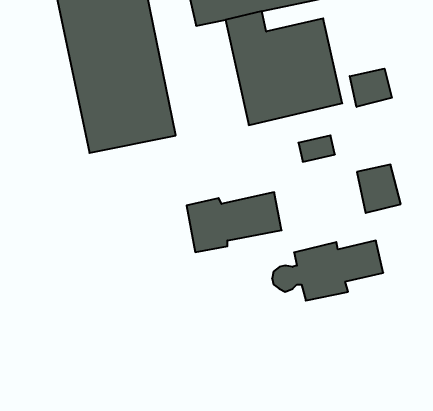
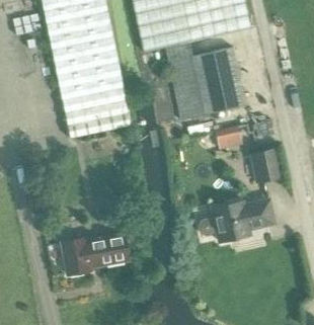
building: [350,69,392,107] -> none
building: [187,192,282,252] -> [63,232,129,273]

